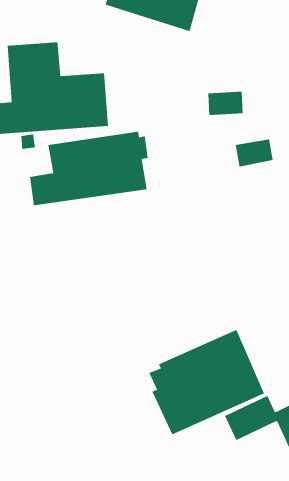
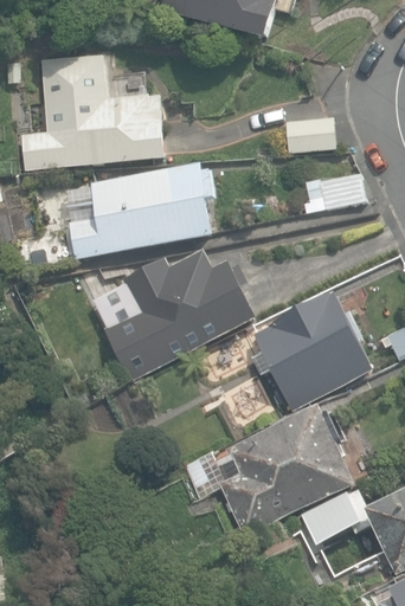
building: none -> [102,250,257,375]
building: none -> [252,291,373,410]

